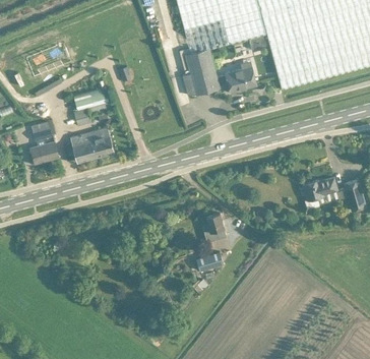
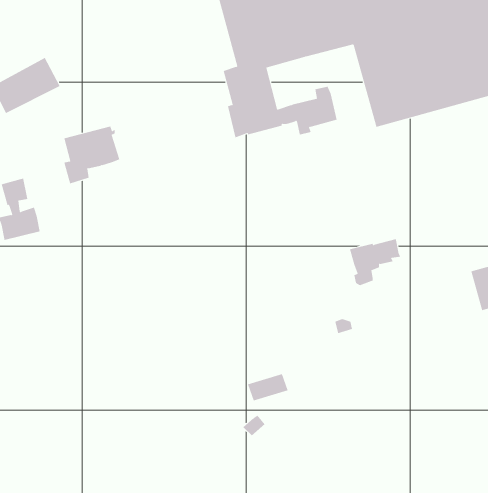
building: [70,127,113,161] -> none
building: [302,176,336,207] -> [349,238,401,286]
building: [201,212,226,241] -> none

